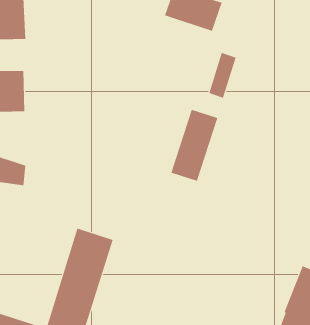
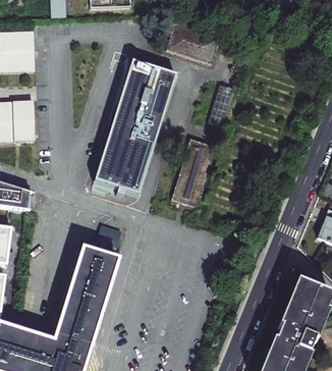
building: none -> [94,60,174,194]

